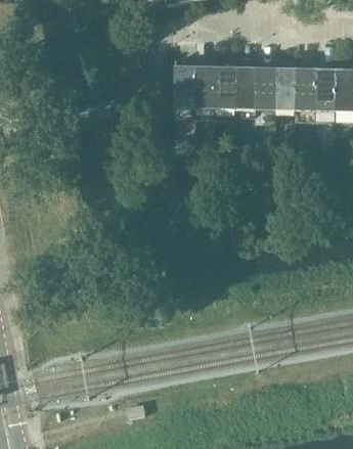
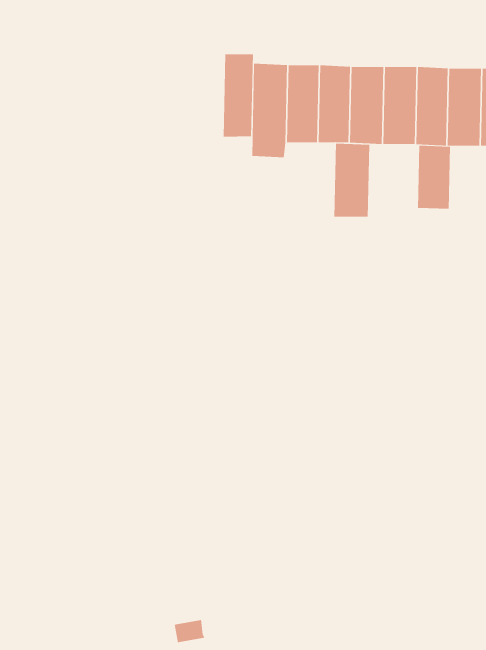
building: none -> [223,53,253,137]
building: none -> [334,143,370,218]
building: none -> [417,145,451,210]

